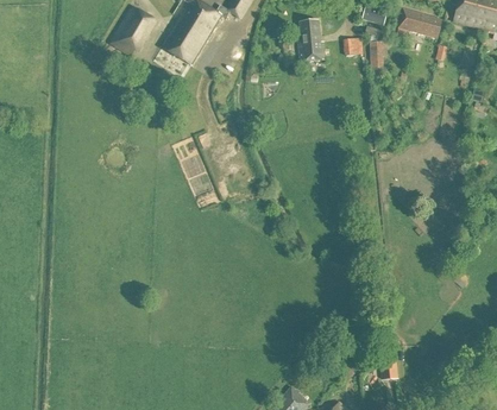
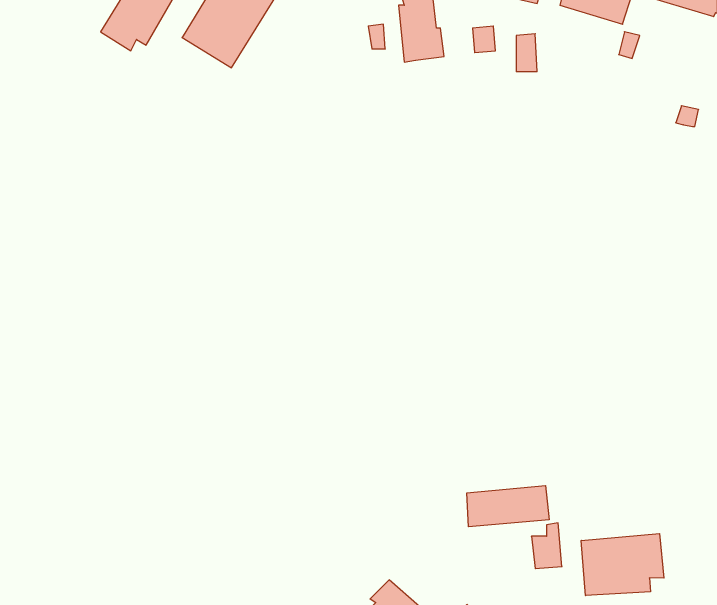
building: none -> [467,486,549,527]
building: none -> [581,534,664,596]

